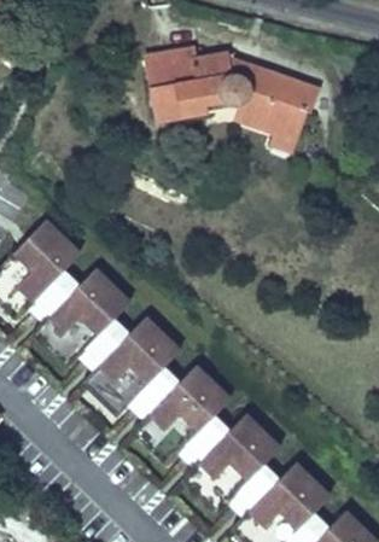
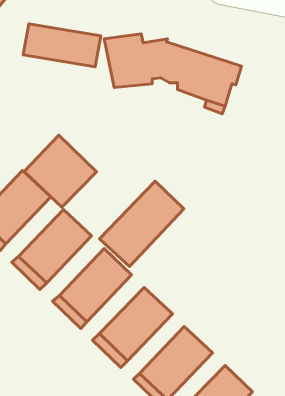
building: none -> [23,24,101,67]
building: none -> [24,135,97,207]
building: none -> [100,181,184,267]

